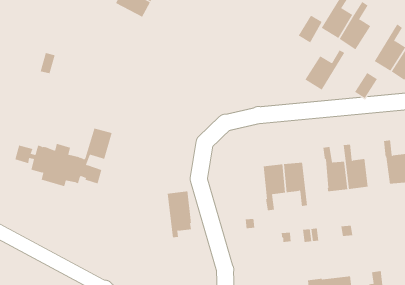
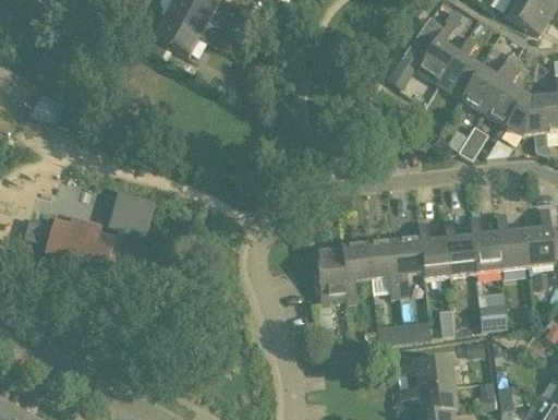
building: [304,50,345,91] -> [460,58,512,110]
building: none -> [469,214,502,271]
building: none -> [392,236,424,295]
building: [167,191,192,238] -> [314,244,345,304]
building: none -> [477,289,507,328]
building: none -> [395,357,453,388]

